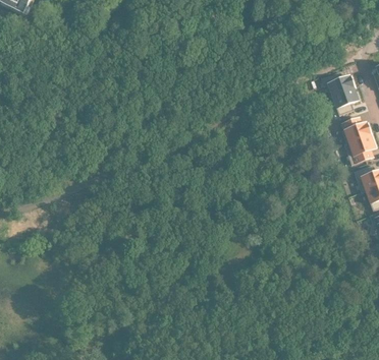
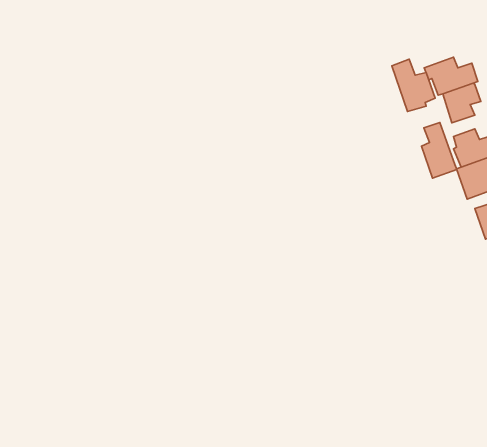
building: none -> [392,59,435,112]
building: none -> [421,123,457,178]

